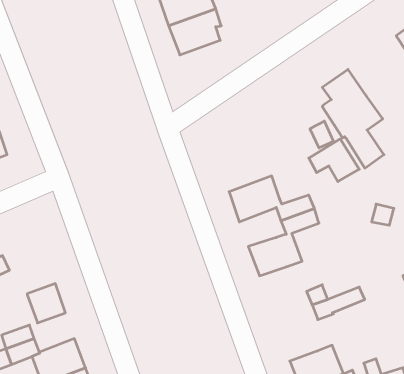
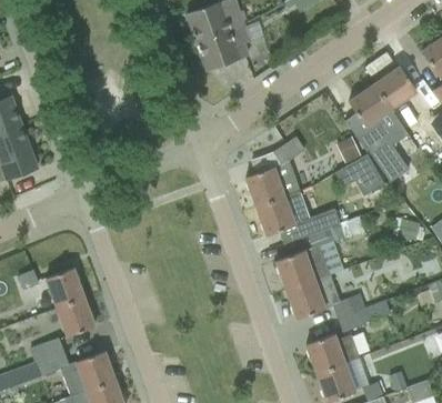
building: none -> [374,68,416,110]
building: none -> [245,138,304,206]
building: none -> [46,269,84,308]
building: none -> [287,281,324,319]
building: none -> [305,335,360,374]

